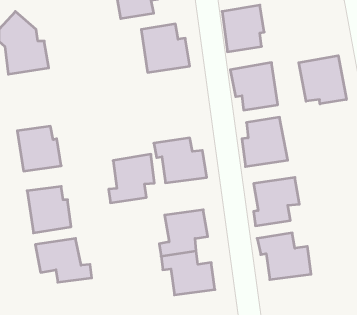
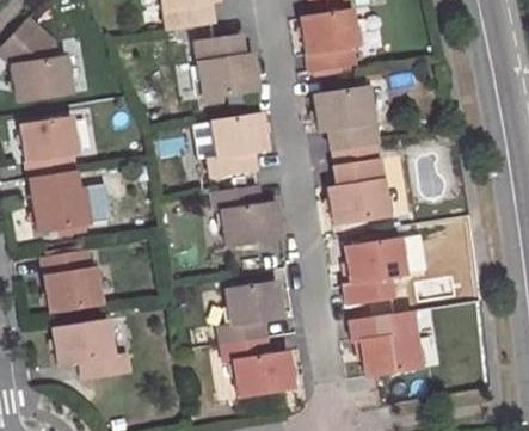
building: [299,56,346,104] -> none
building: none -> [23,117,78,177]
building: [109,154,154,203] -> [207,113,267,178]

